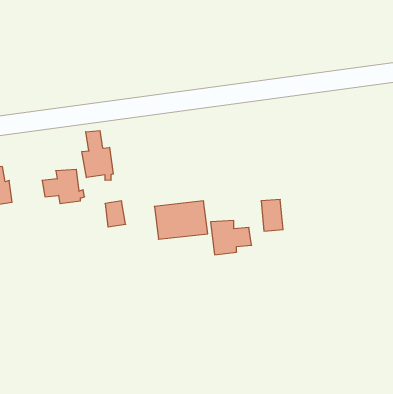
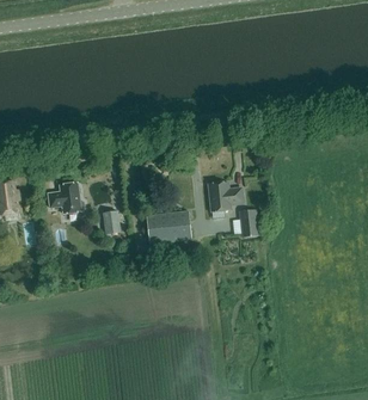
building: [82,131,113,180] -> none
building: [211,221,252,255] -> [208,181,244,211]

